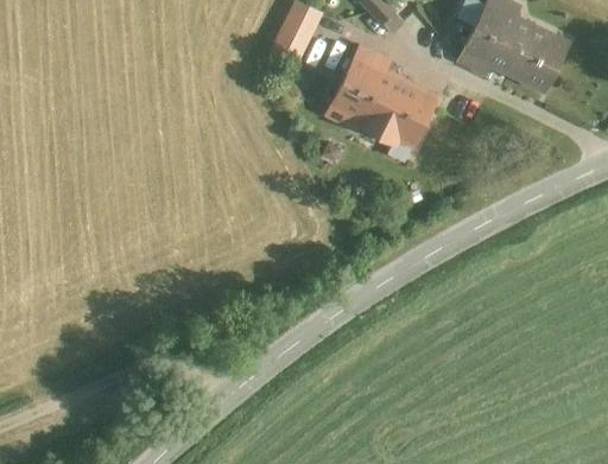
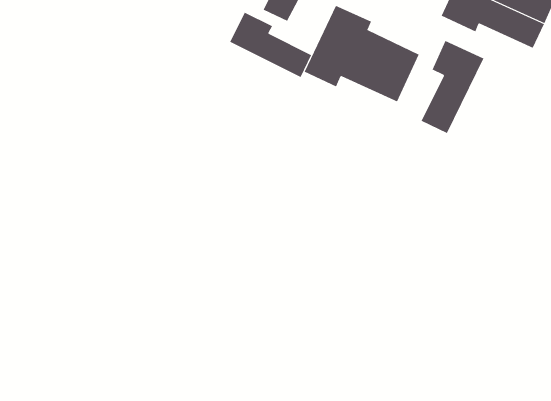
building: none -> [230,12,312,78]
building: none -> [421,40,484,134]

